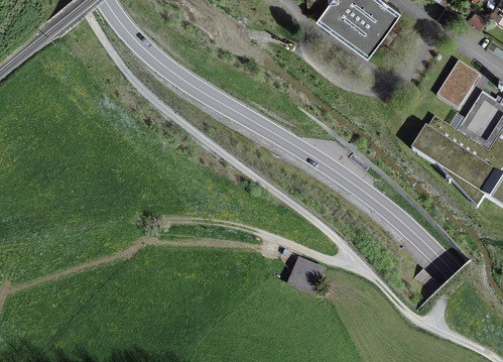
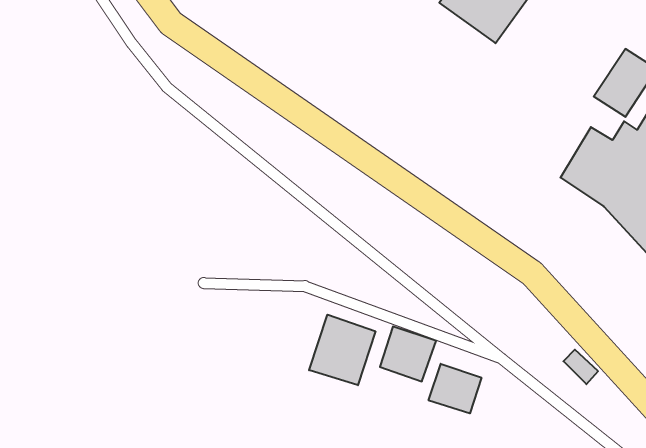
building: none -> [309,315,375,385]
building: none -> [429,364,481,413]

